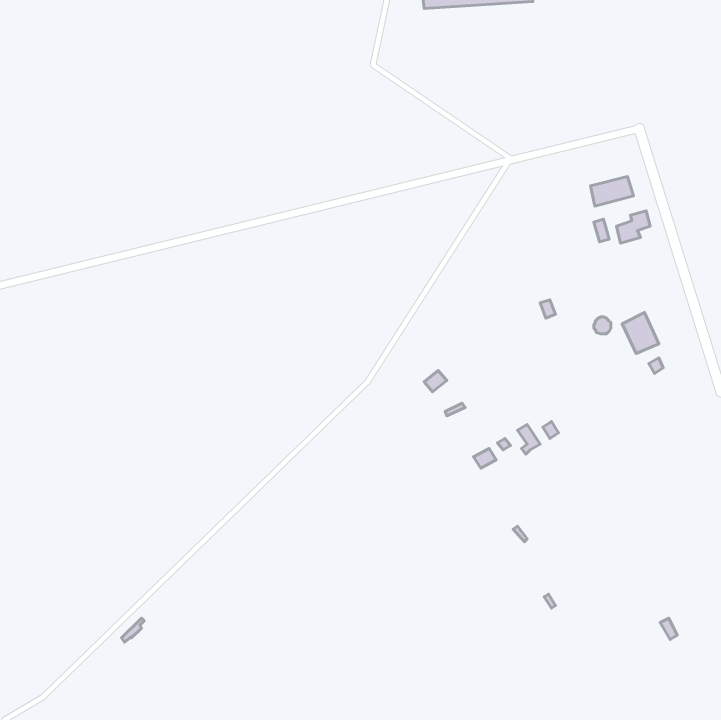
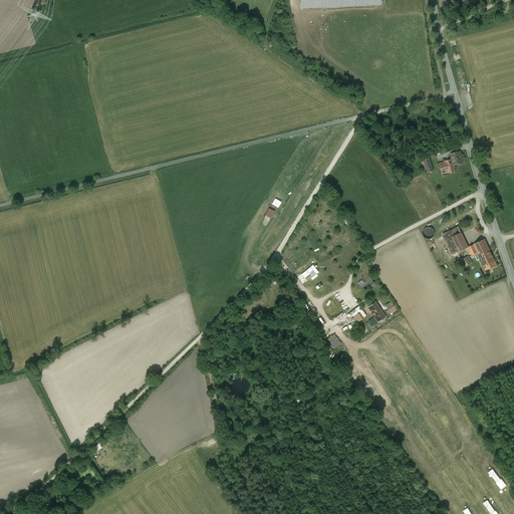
building: [591,176,633,206] -> none
building: none -> [468,235,497,267]

